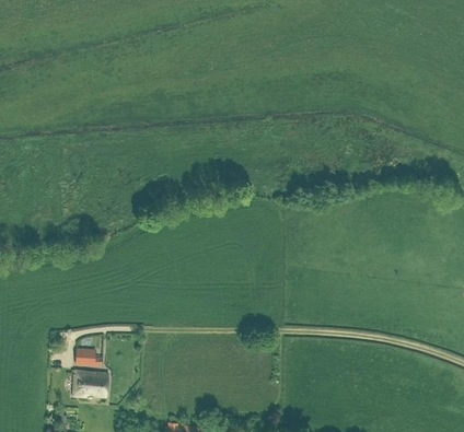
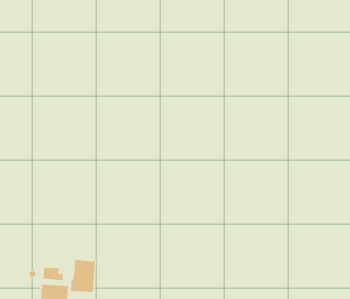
building: none -> [70,259,95,293]

